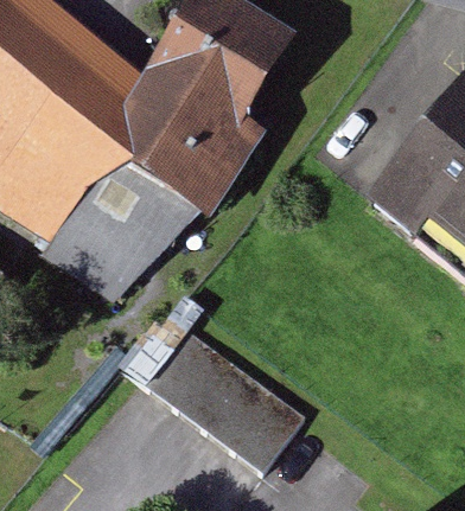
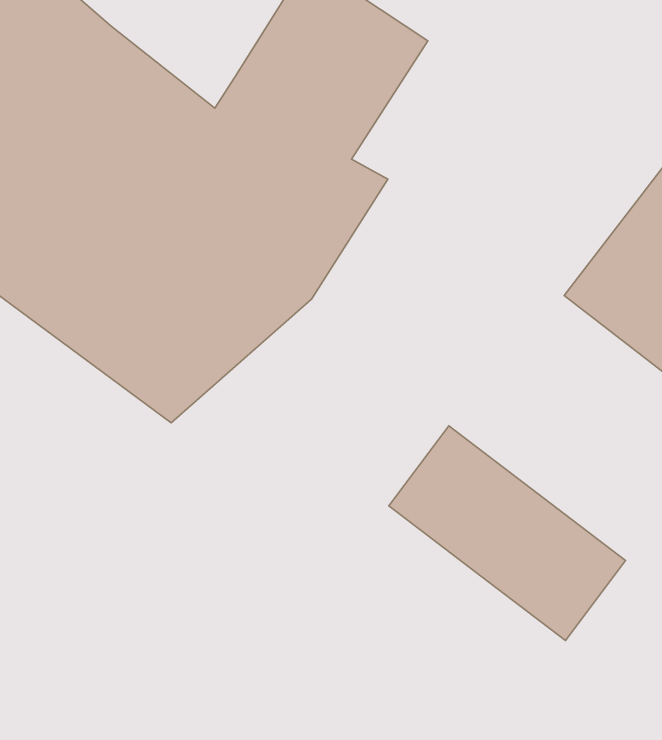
building: [145,327,299,467] -> [389,426,625,641]

